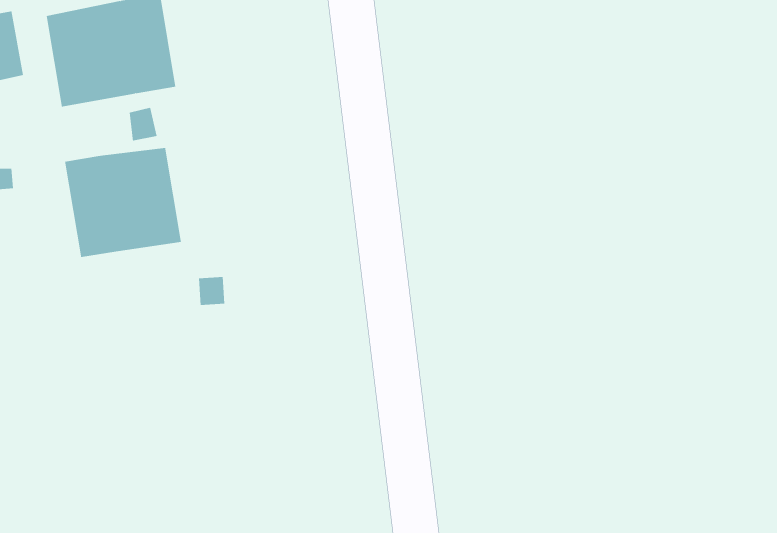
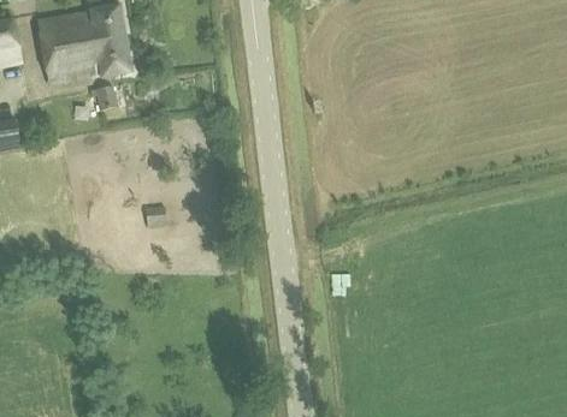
building: [65,147,181,258] -> none

